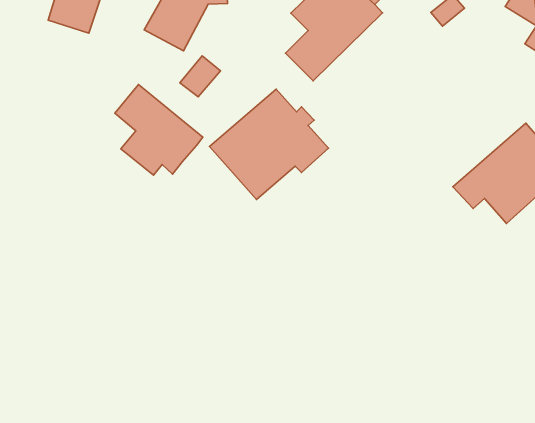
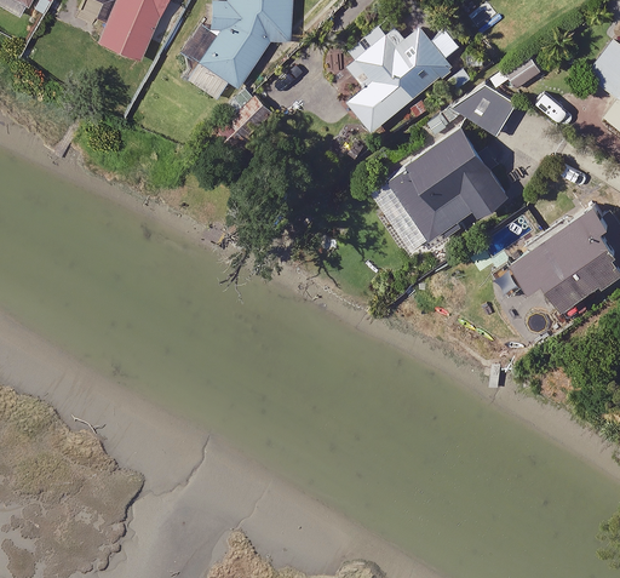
building: none -> [452,85,517,138]
building: [115,84,203,175] -> none
building: [209,89,328,200] -> [384,126,511,242]

